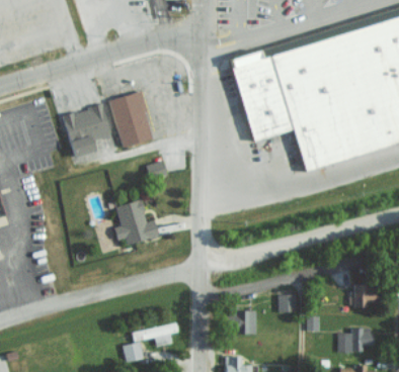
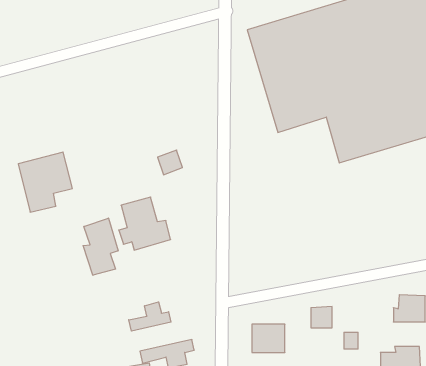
building: [110,92,155,149] -> none
building: [65,106,111,158] -> [18,152,72,212]
building: none -> [83,218,118,275]
building: none -> [129,302,171,331]

